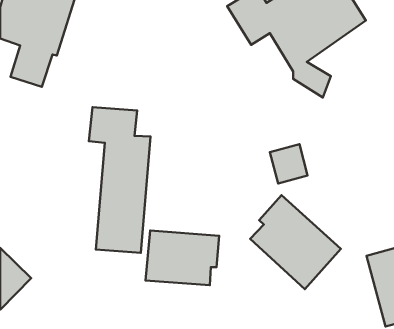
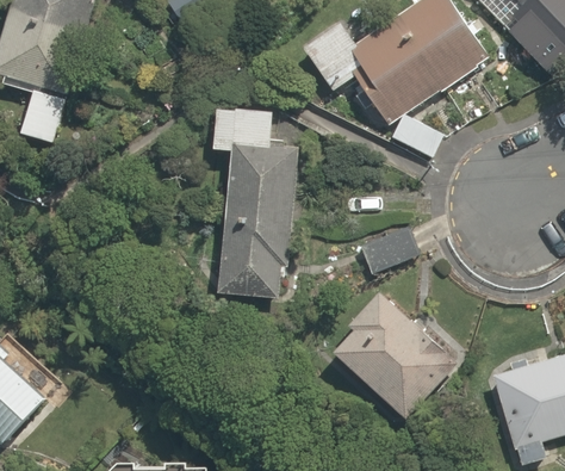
building: [89,107,151,253] -> [219,113,302,308]
building: [145,230,219,285] -> none

